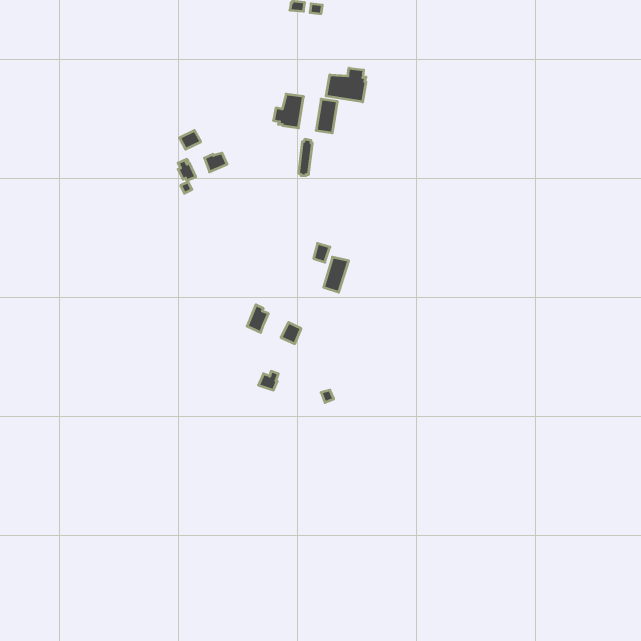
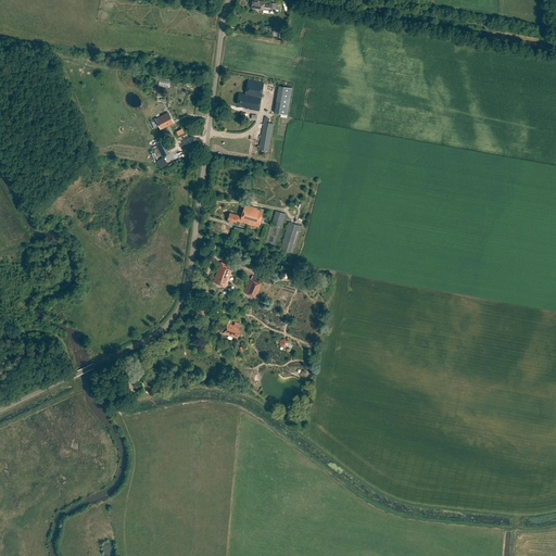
building: [326,68,366,102] -> none
building: none -> [227,205,263,227]

